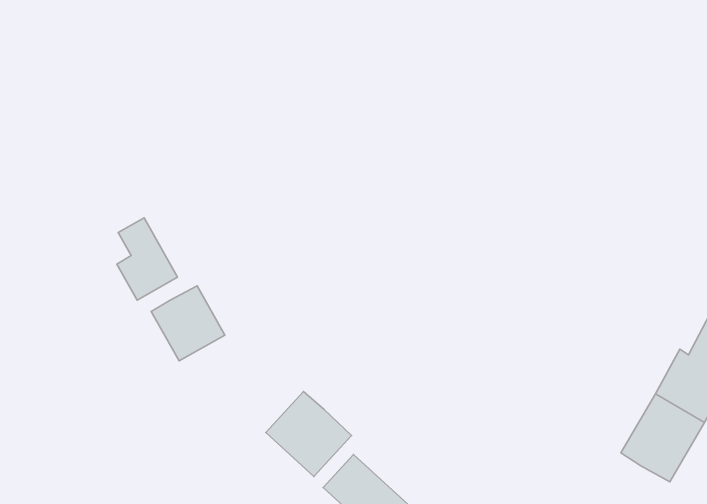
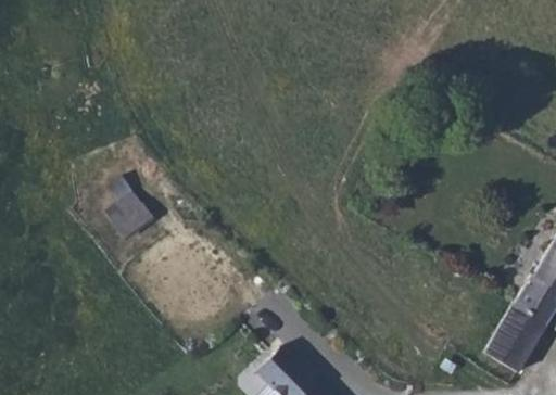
building: [151,286,225,361] -> none
building: [266,392,352,476] -> none

